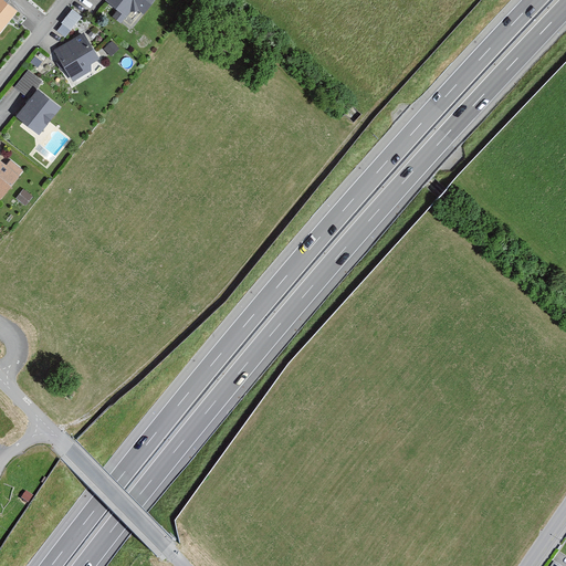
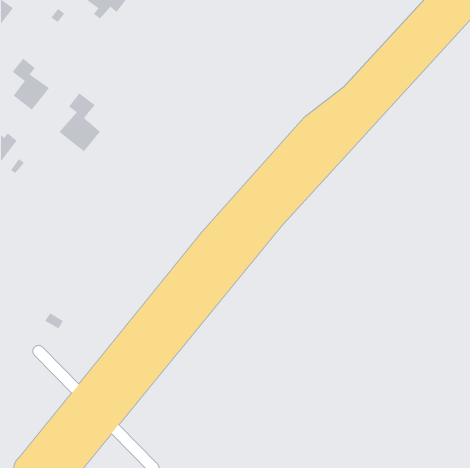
building: [54,32,97,81] -> none
building: none -> [58,92,101,152]

